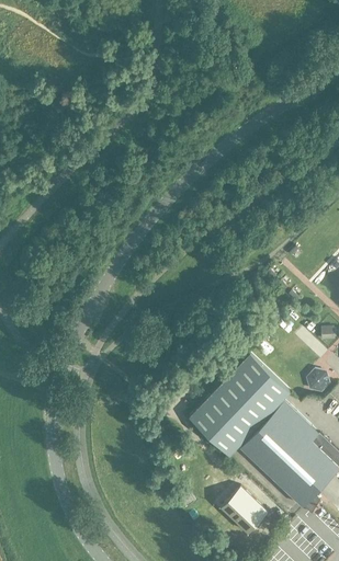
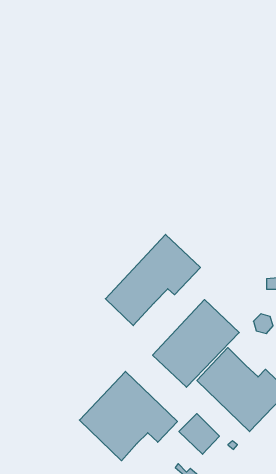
building: none -> [105,234,200,326]
building: none -> [79,371,177,461]

